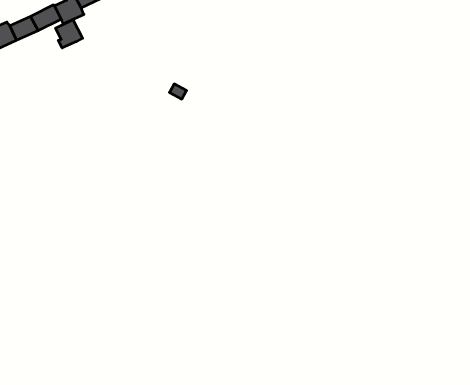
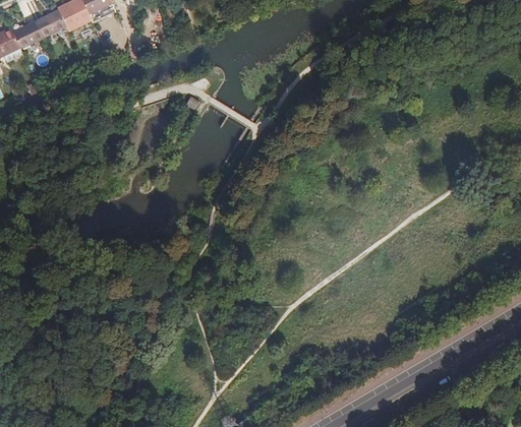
building: [56,19,83,48] -> none

